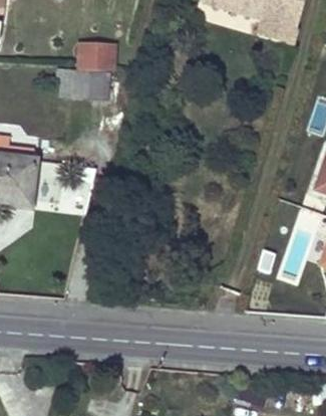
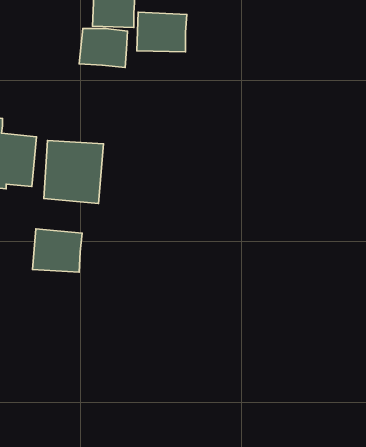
building: none -> [137,12,187,52]
building: none -> [32,229,82,272]

